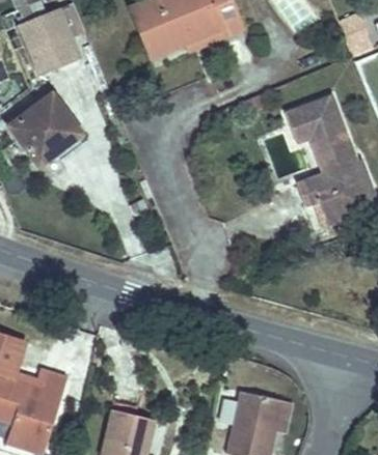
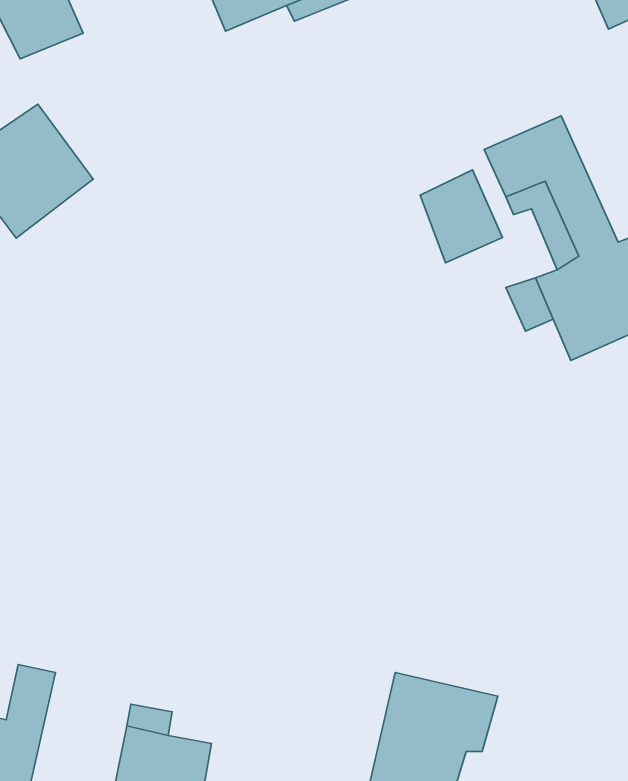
building: none -> [420,170,503,263]

